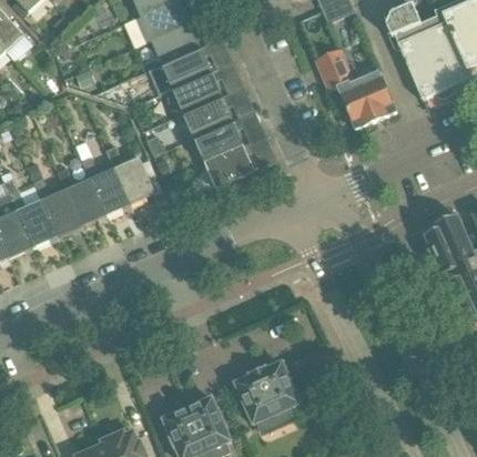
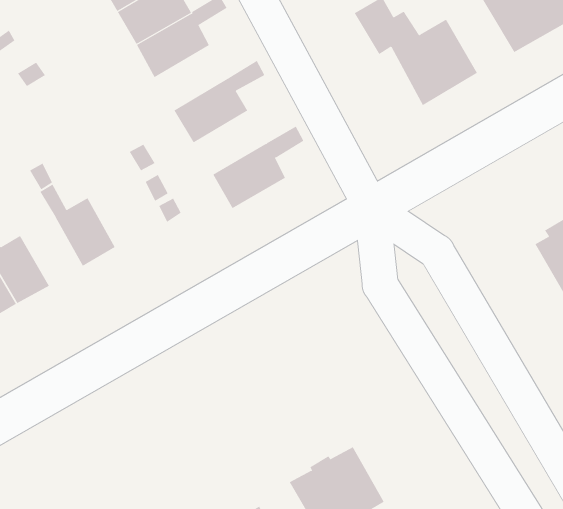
building: [171,59,238,112] -> none
building: [193,109,260,160] -> none
building: [106,144,156,203] -> none
building: [58,165,106,225] -> none

